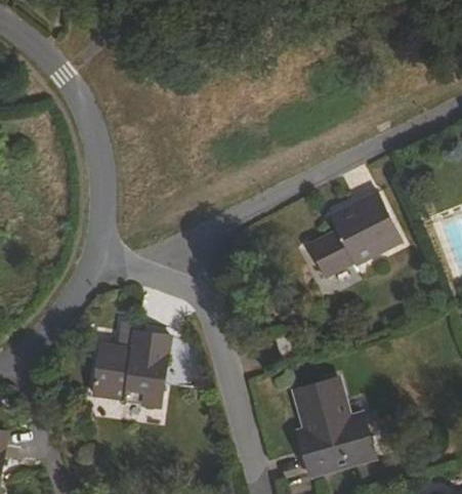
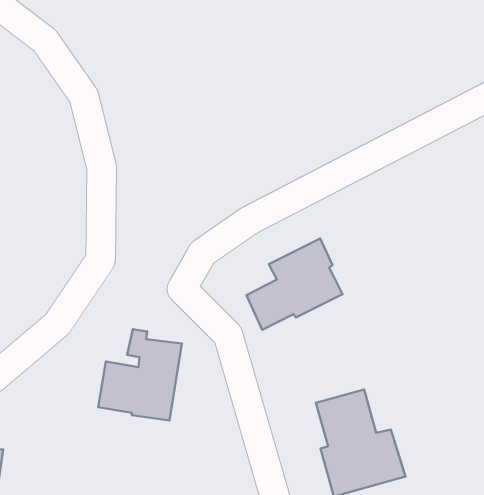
building: [309,192,397,276] -> [247,238,343,330]

